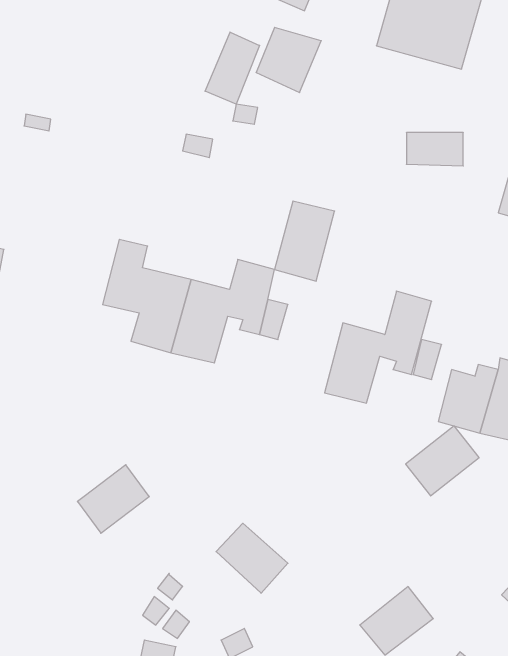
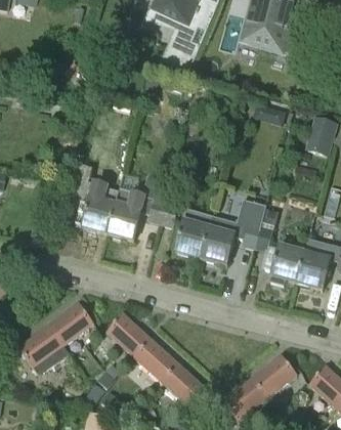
building: [205,32,260,104] -> none
building: [275,201,335,281] -> [175,210,212,259]
building: [406,426,479,496] -> [252,354,297,397]
building: none -> [106,313,151,356]
building: none -> [18,326,70,376]
building: none -> [162,363,206,406]

